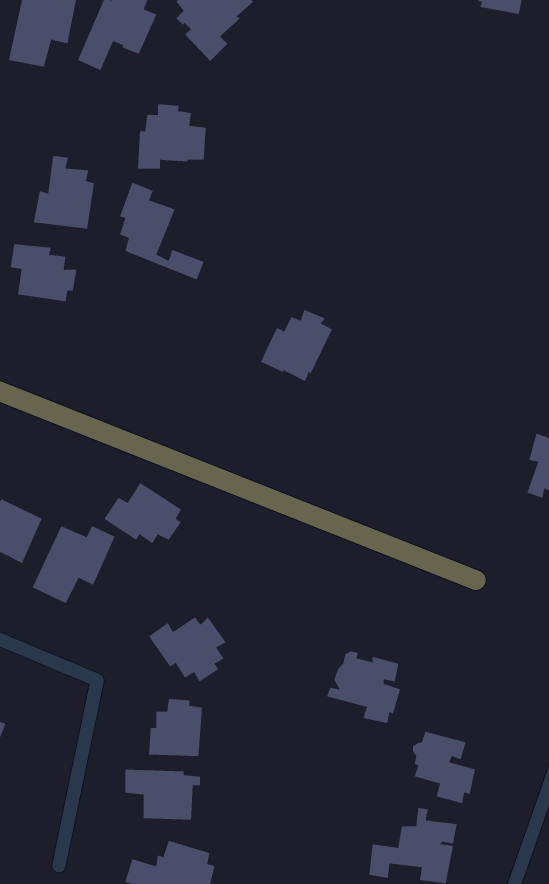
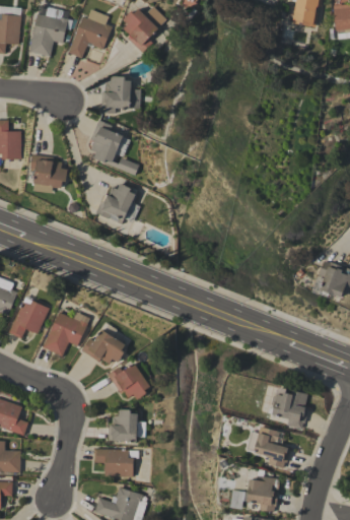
building: [33,155,95,229] -> none
building: [260,309,333,382] -> [95,183,136,223]
building: [104,482,182,544] -> [81,329,125,364]
building: [326,651,401,724] -> [267,387,308,428]

